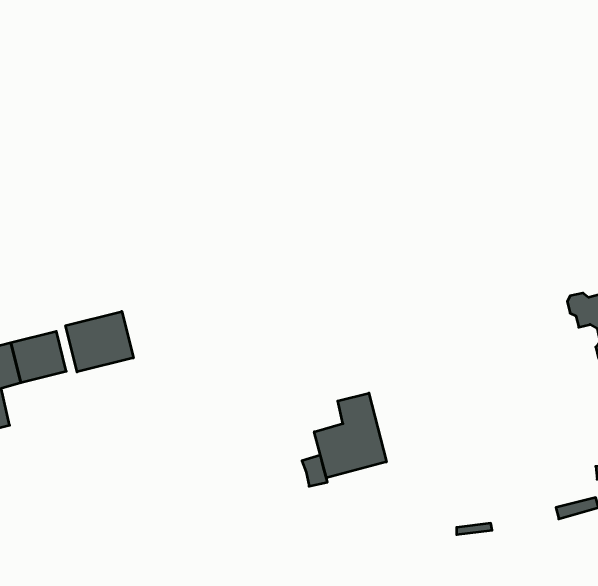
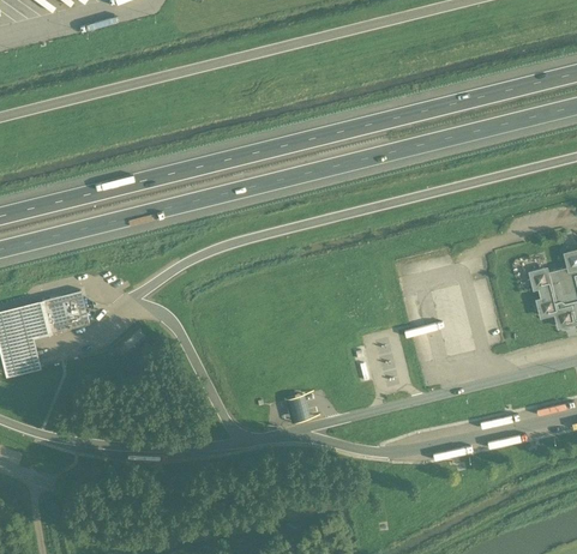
building: [66,311,133,372] -> none
building: [314,393,386,478] -> none

